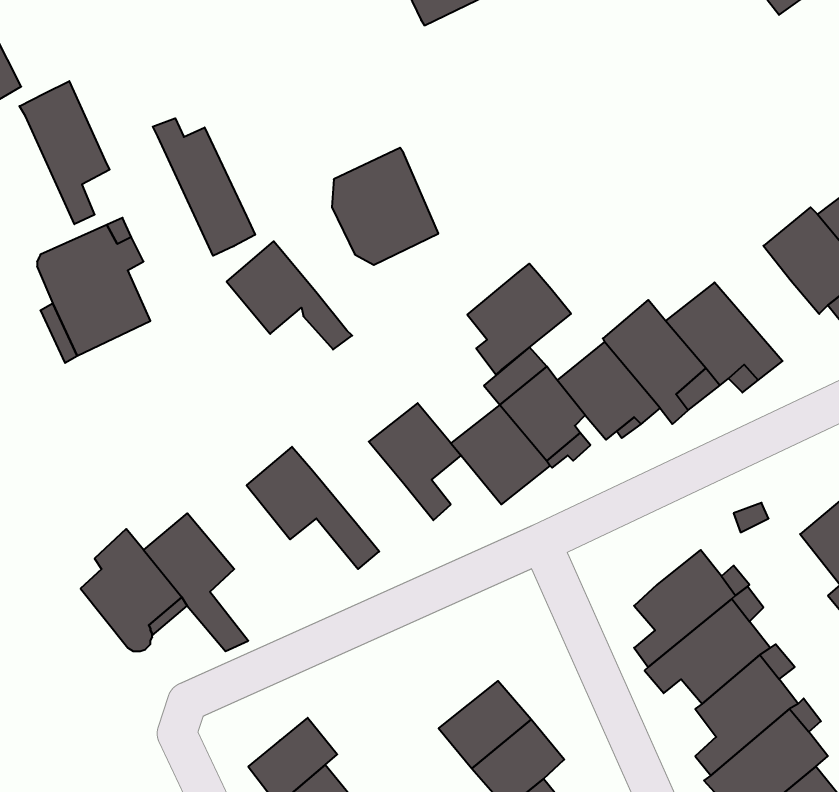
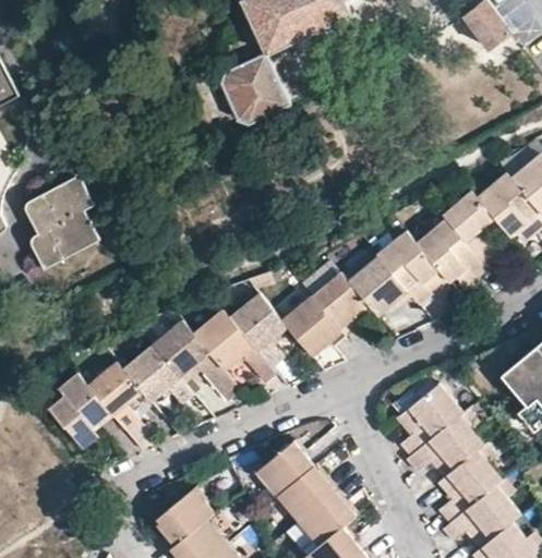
building: [19,81,110,224] -> none
building: [153,118,255,256] -> none
building: [332,148,438,265] -> [221,53,288,126]
building: none -> [443,187,502,266]
building: [227,241,352,350] -> [196,310,275,377]
building: [467,264,571,375] -> none
building: none -> [124,343,196,407]
building: none -> [256,442,312,495]

